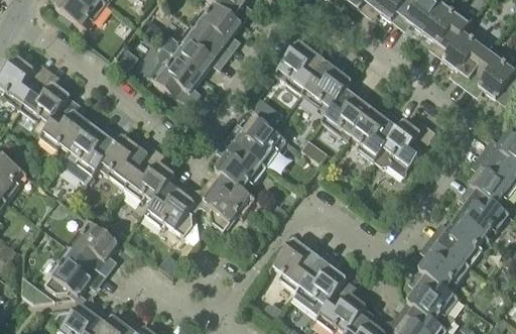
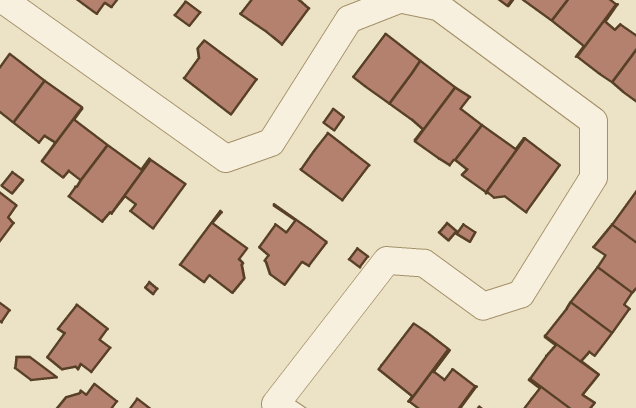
building: [163,25,222,75] -> none
building: [216,142,267,188] -> none
building: [125,153,175,214] -> none
building: [68,222,119,262] -> none
building: [274,238,320,290] -> none

